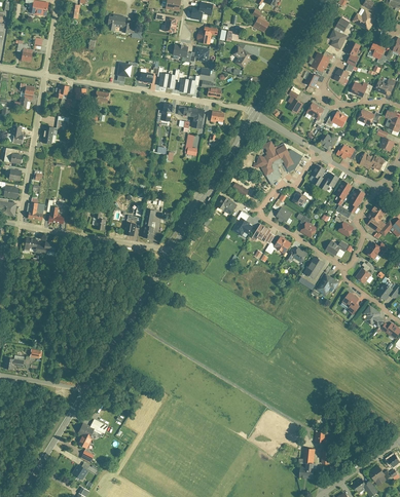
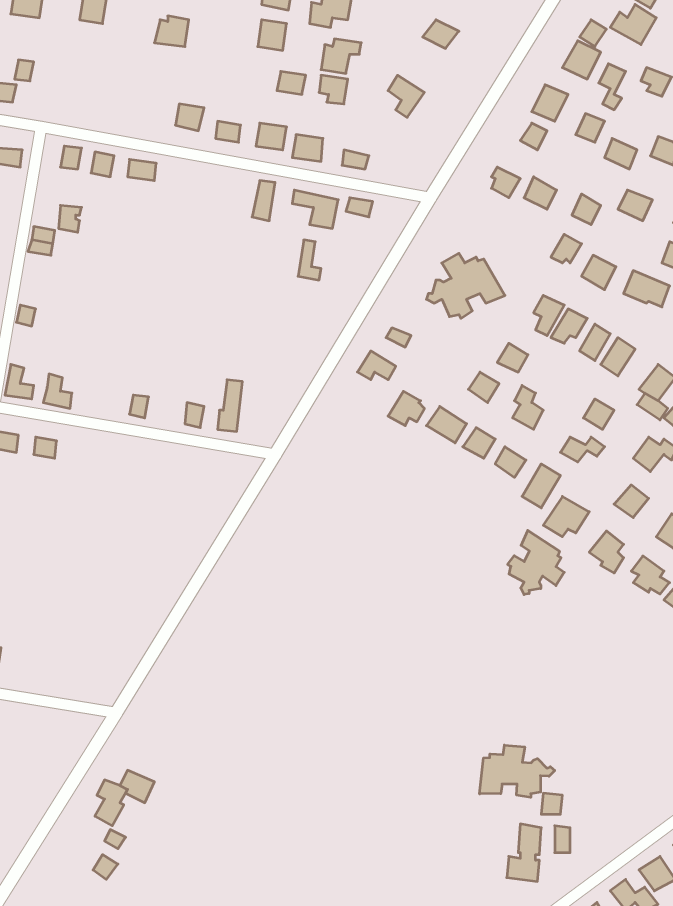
building: none -> [508,530,564,595]
building: none -> [480,745,555,797]

